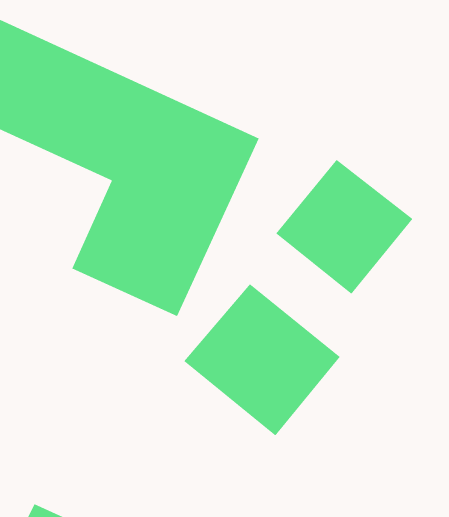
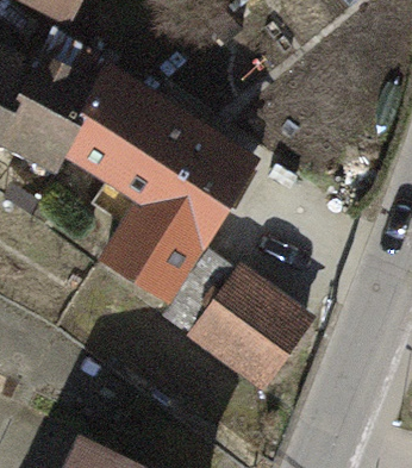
building: [275,159,413,295] -> none

